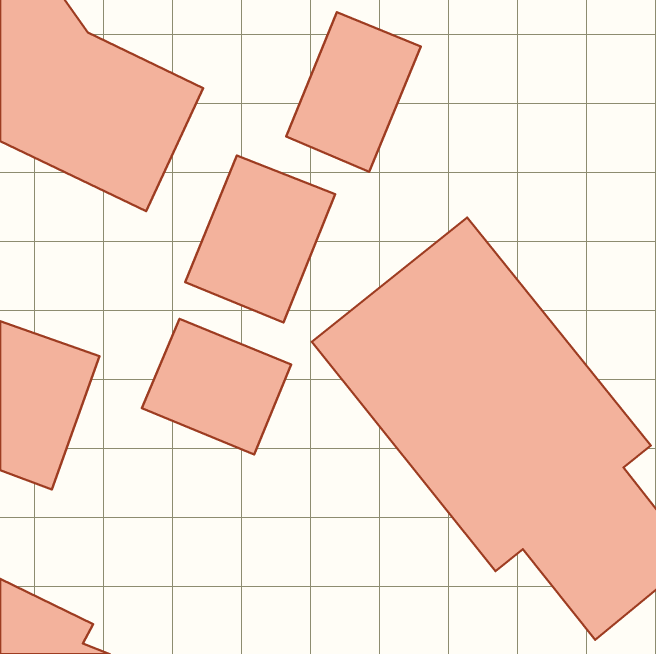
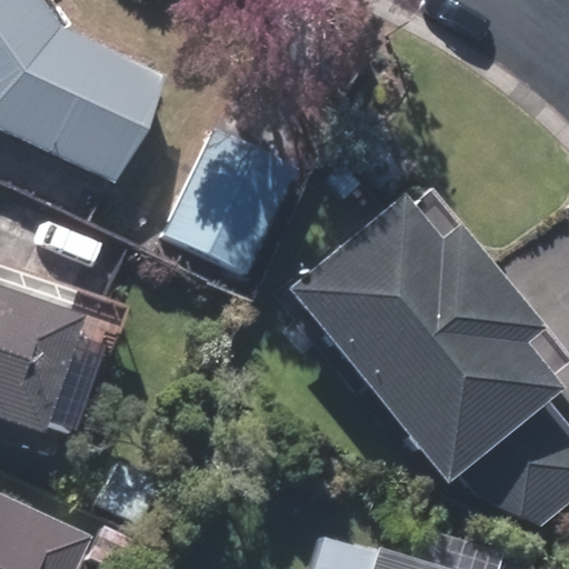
building: [286,12,421,172] -> none
building: [142,319,291,455] -> none

